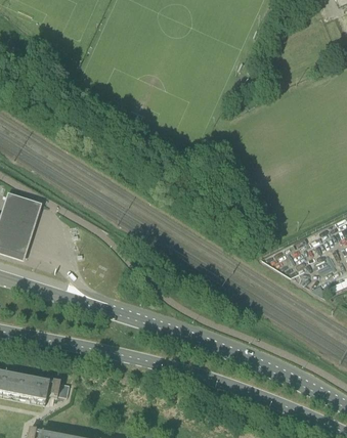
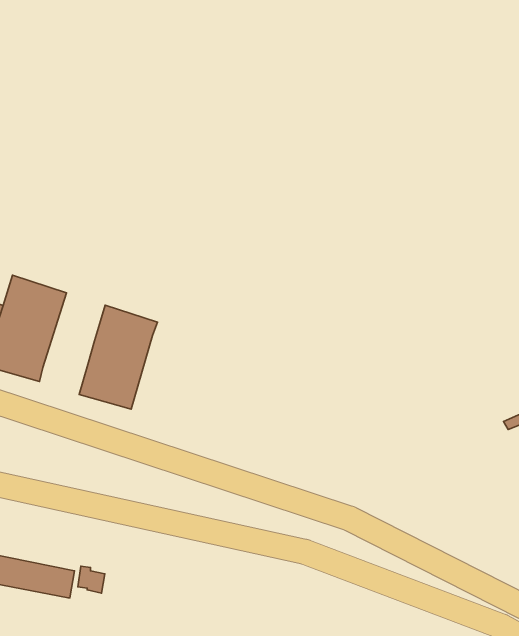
building: none -> [79,305,158,409]

